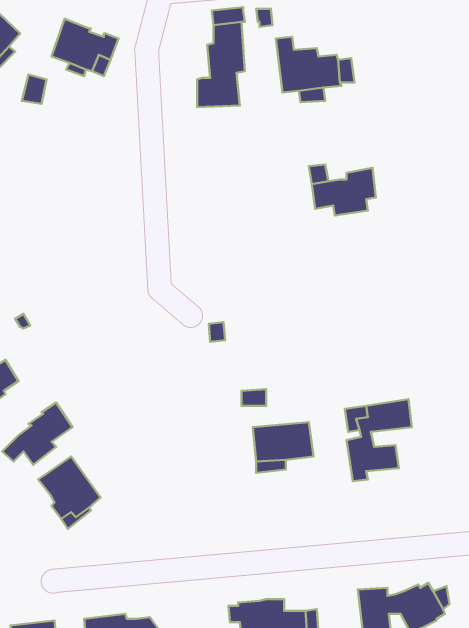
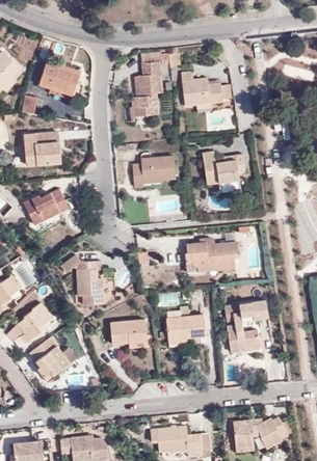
building: none -> [23,132,60,167]
building: none -> [131,157,176,189]
building: none -> [23,188,68,225]
building: none -> [185,239,238,272]
building: none -> [60,255,103,306]
building: none -> [109,320,146,345]

